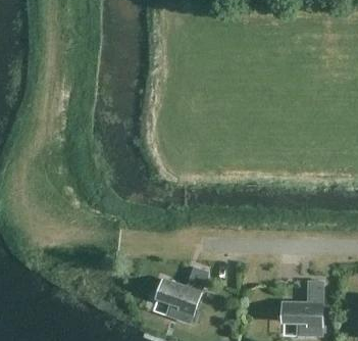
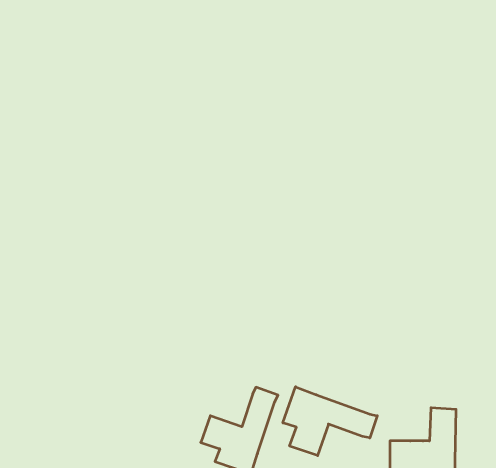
building: none -> [283,387,377,456]

